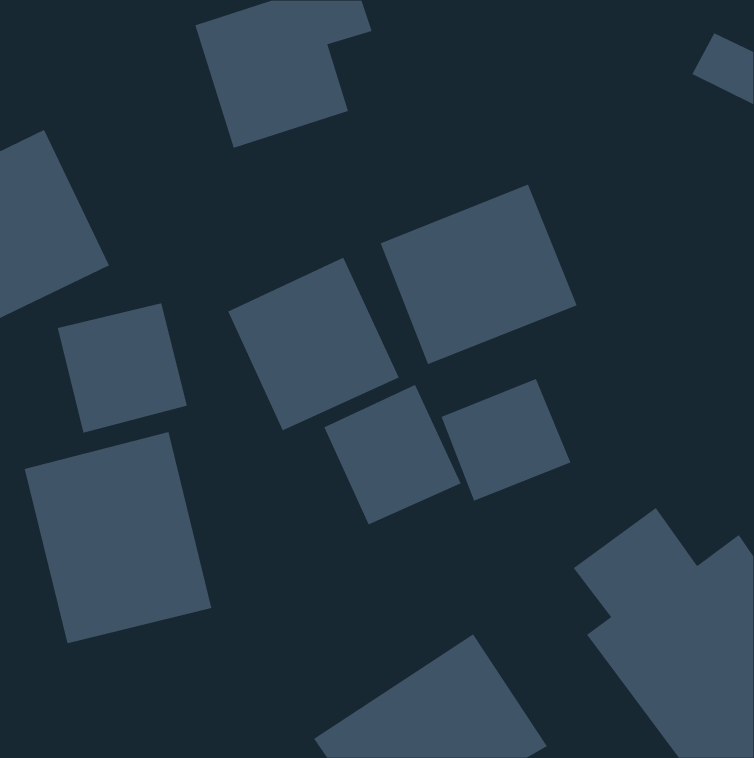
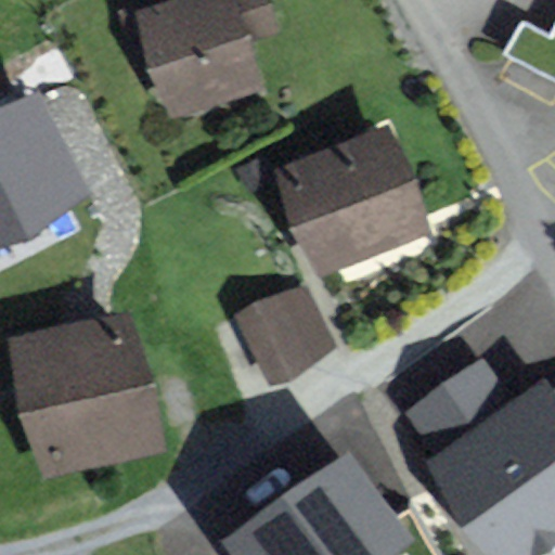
building: [227,257,399,431] -> none
building: [57,302,188,433] -> none
building: [441,378,571,501] -> none

